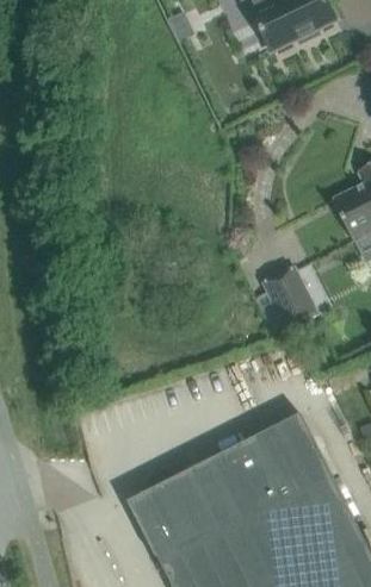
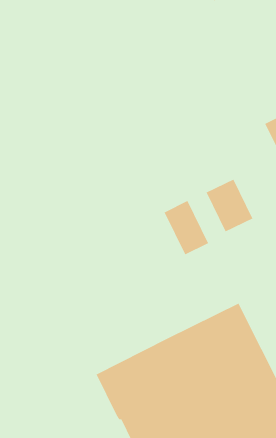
building: none -> [164,200,209,256]

